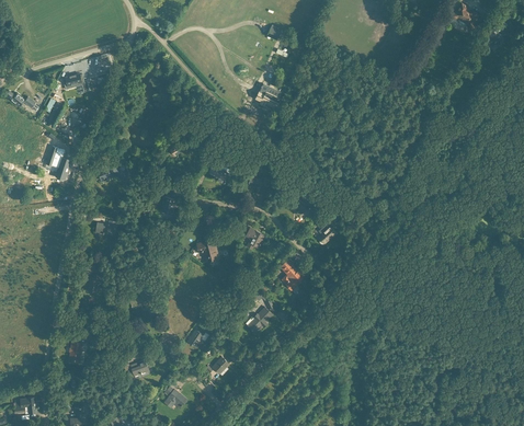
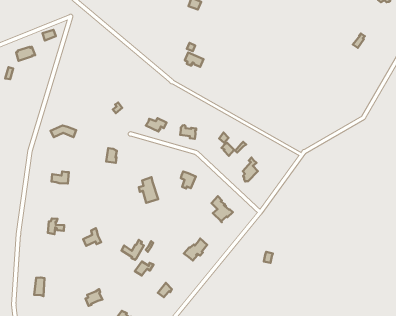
building: [45,146,71,177] -> none

